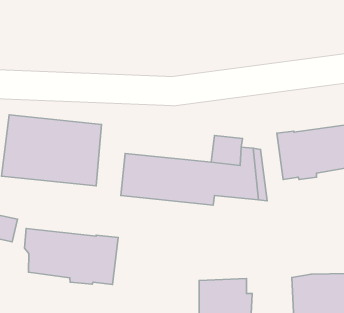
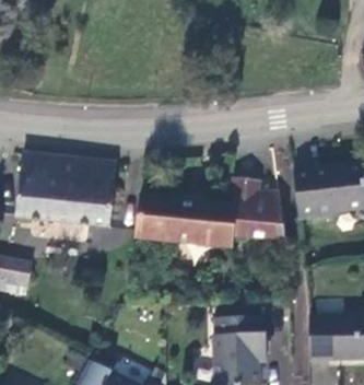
building: [24,228,118,284] -> none

